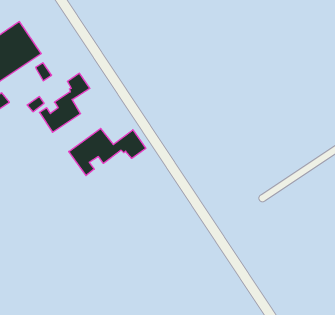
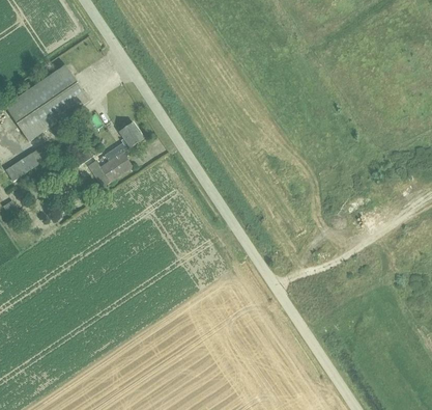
building: [69,128,146,176] -> none

